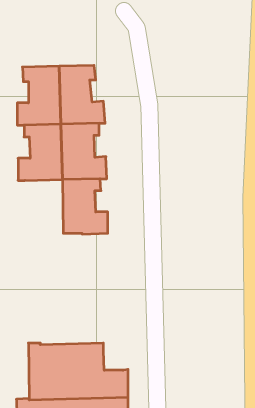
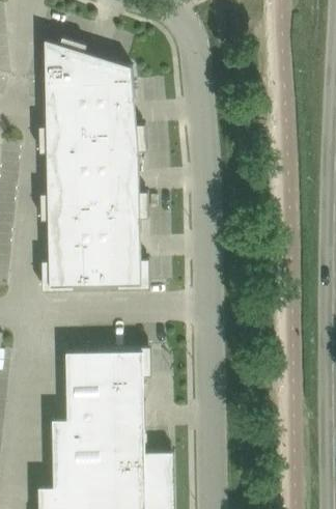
building: none -> [45,37,132,83]
building: none -> [40,220,94,287]
building: none -> [65,351,148,421]

